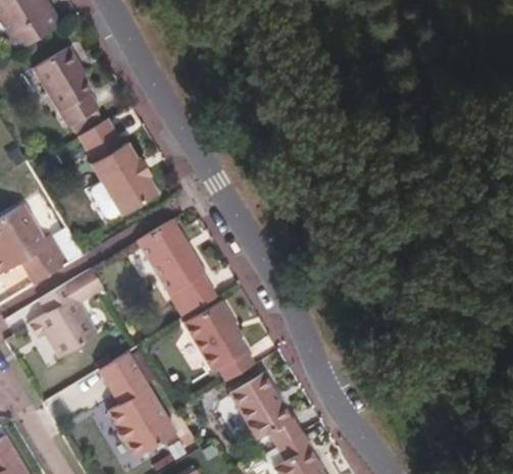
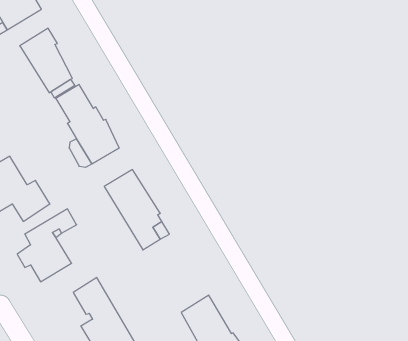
building: [184,302,254,380] -> none

